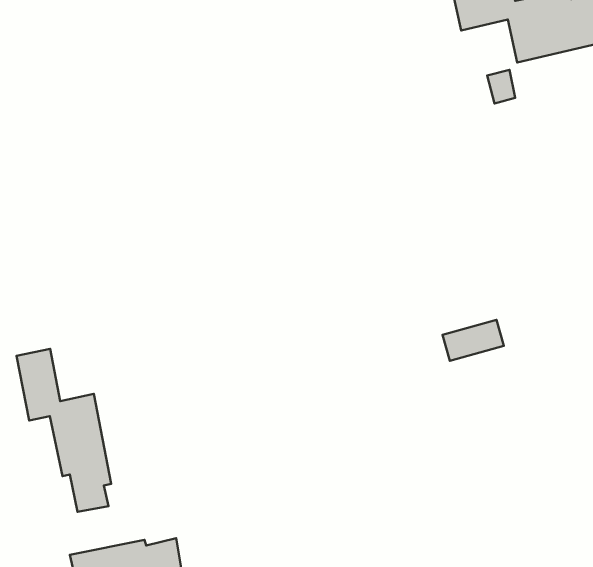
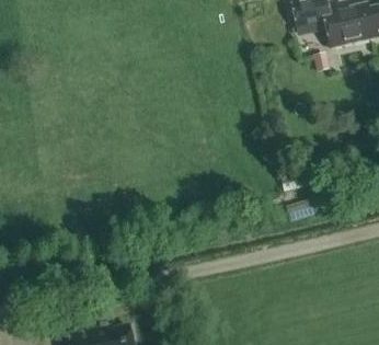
building: [16,349,111,512] -> none

